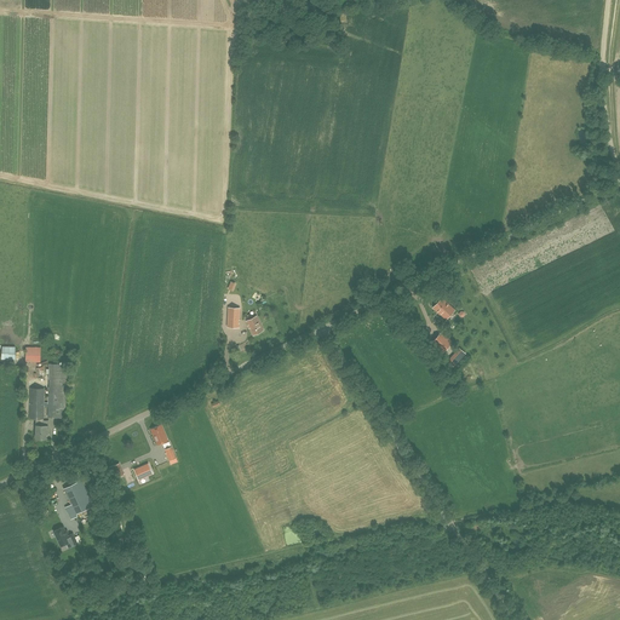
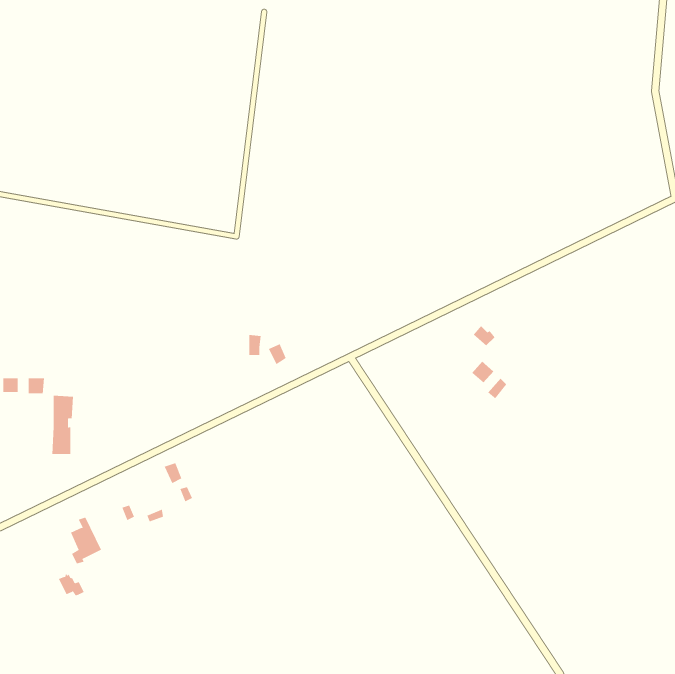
building: [30,388,47,438] -> none

